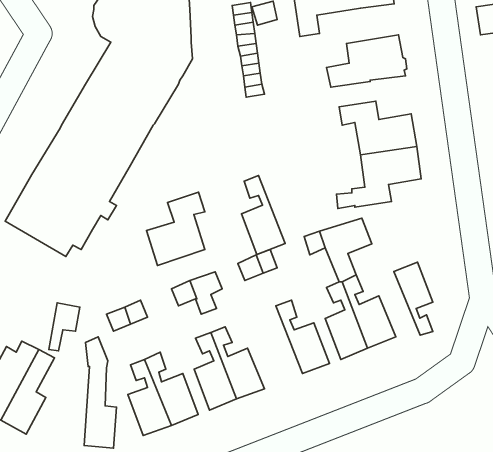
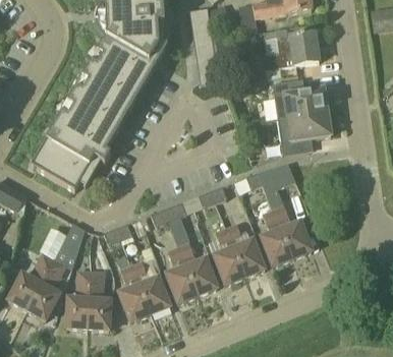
building: [241,176,285,255] -> [215,226,246,283]
building: [146,192,205,265] -> none
building: [394,262,433,335] -> none
building: none -> [67,269,93,326]

